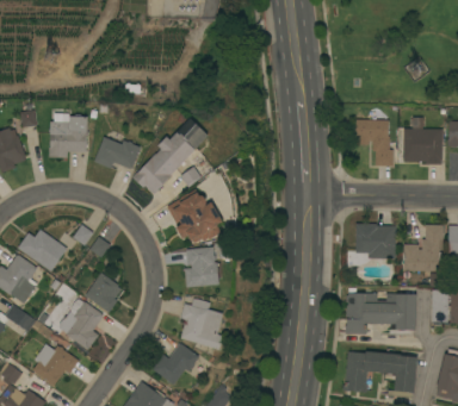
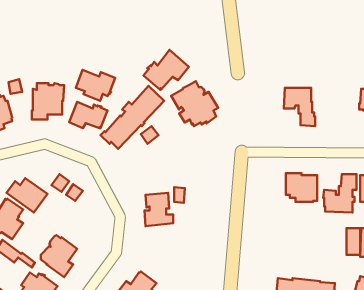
building: none -> [143,50,189,90]
building: none -> [76,70,115,101]
building: [402,120,441,165] -> none
building: [166,190,223,245] -> [171,81,218,126]
building: [85,273,120,313] -> none
building: [344,288,415,336] -> none
building: [180,299,223,350] -> none

